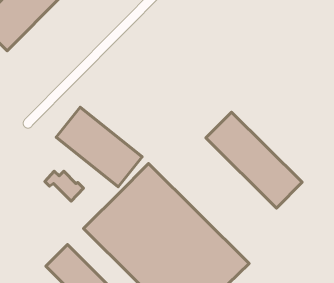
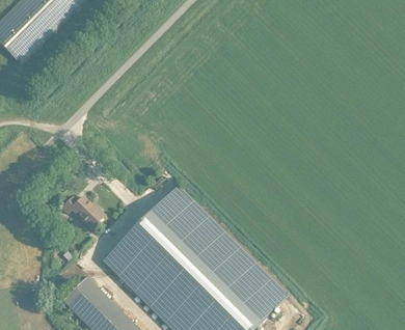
building: [56,107,142,187] -> none
building: [206,112,302,208] -> none

